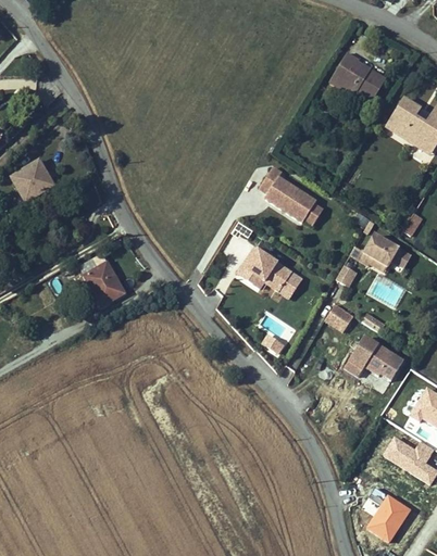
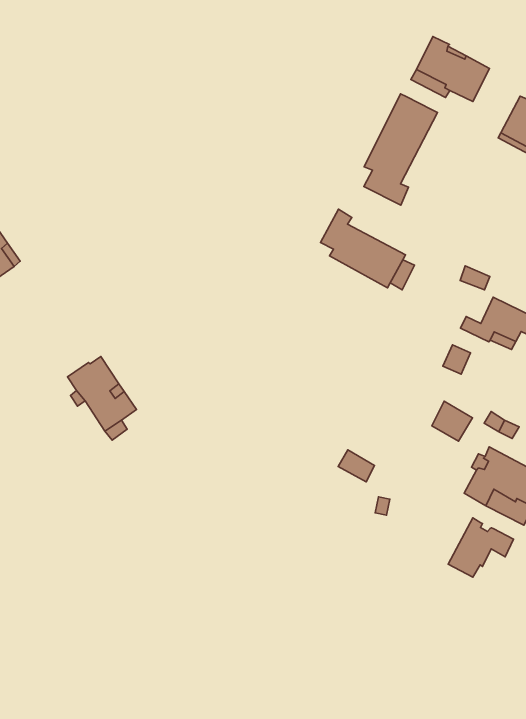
building: none -> [364,94,438,205]
building: [234,243,302,300] -> none
building: none -> [448,518,514,577]

